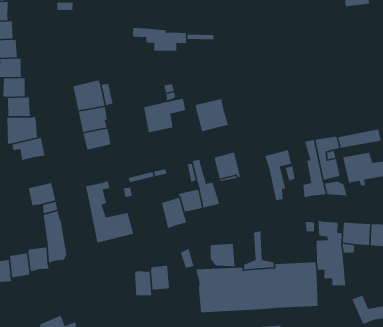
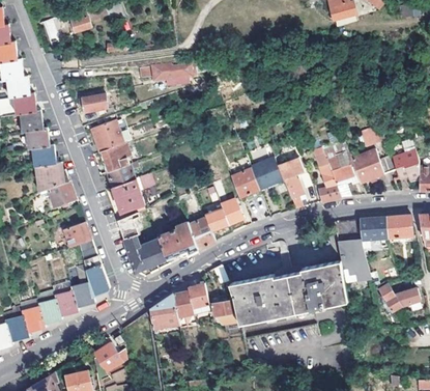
building: none -> [79,94,115,117]
building: [143,98,186,133] -> [113,174,153,212]
building: [195,98,229,132] -> [250,158,284,192]
building: none -> [159,223,198,259]
building: [210,243,236,267] -> [212,301,239,325]
building: none -> [149,295,178,329]

